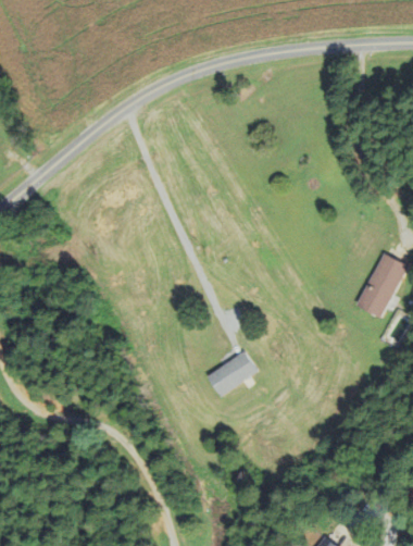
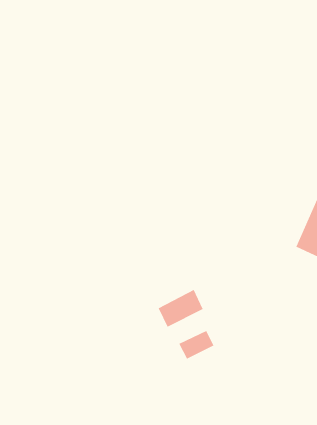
building: none -> [178,330,214,360]

